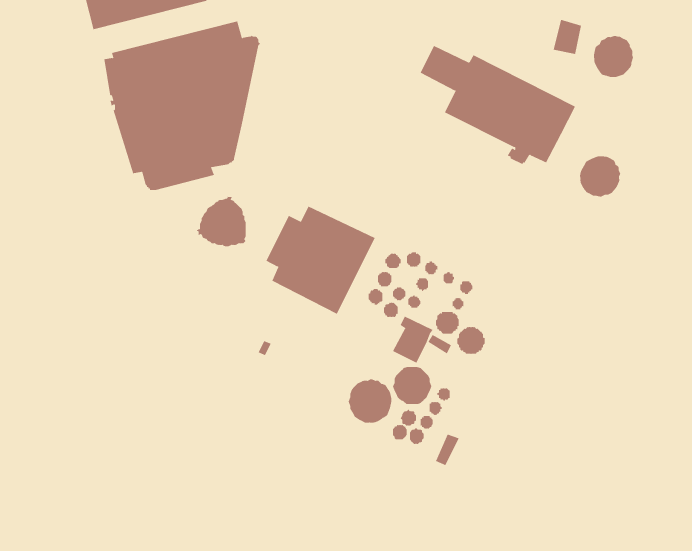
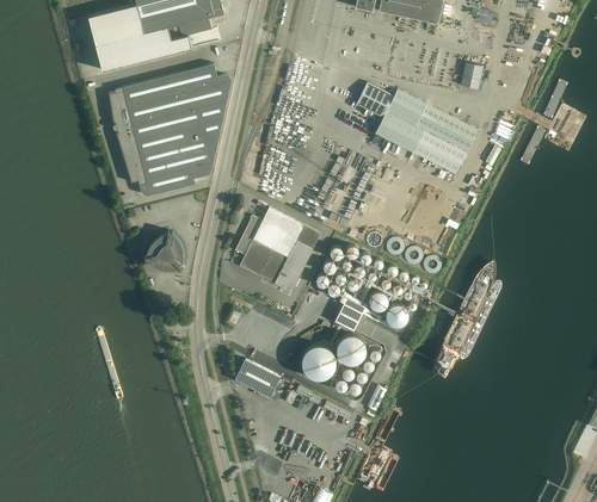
building: [593,35,633,78] -> none
building: [580,155,621,197] -> none
building: [196,195,247,247] -> [144,230,184,271]
building: none -> [235,359,281,397]

